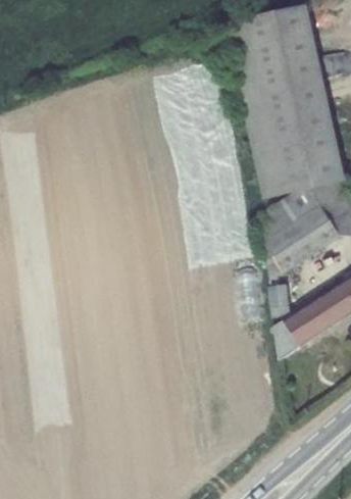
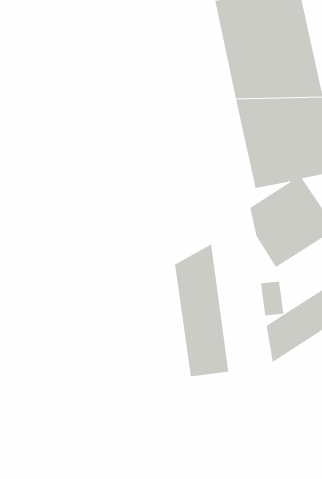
building: none -> [175,243,229,377]

